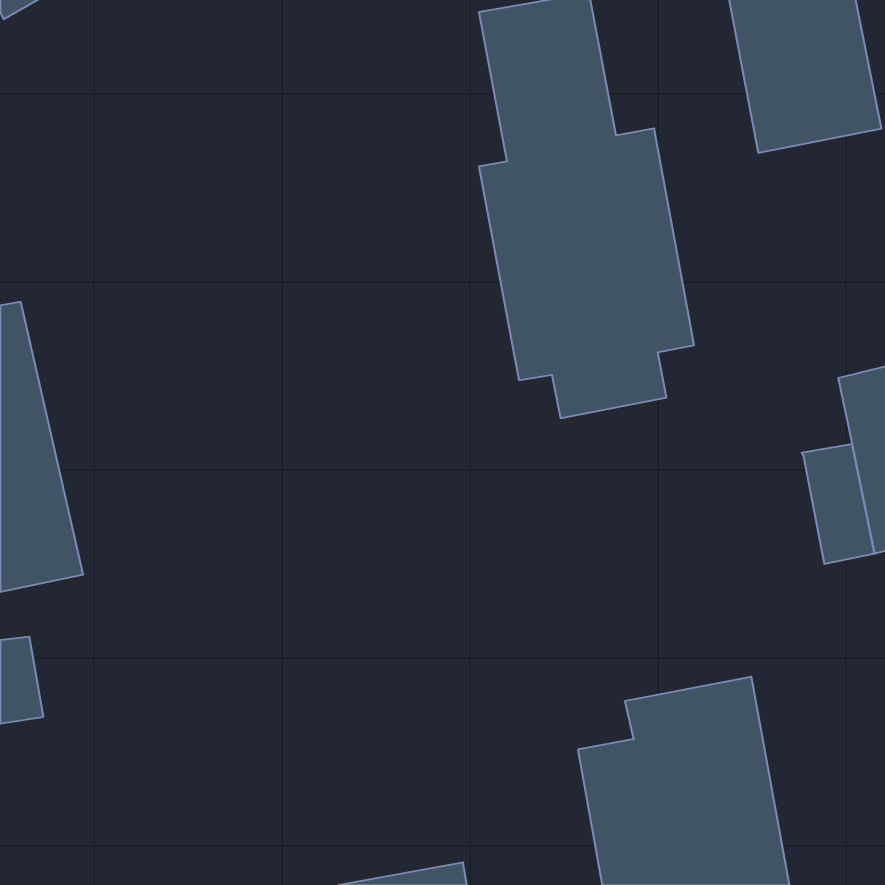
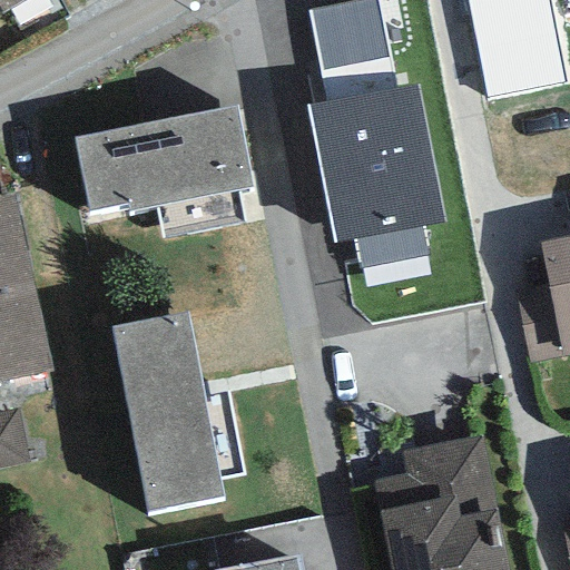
building: none -> [76,106,255,210]
building: none -> [111,312,224,513]

